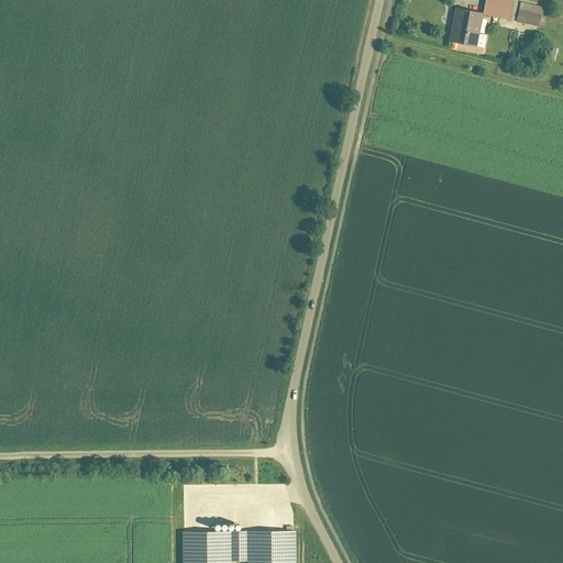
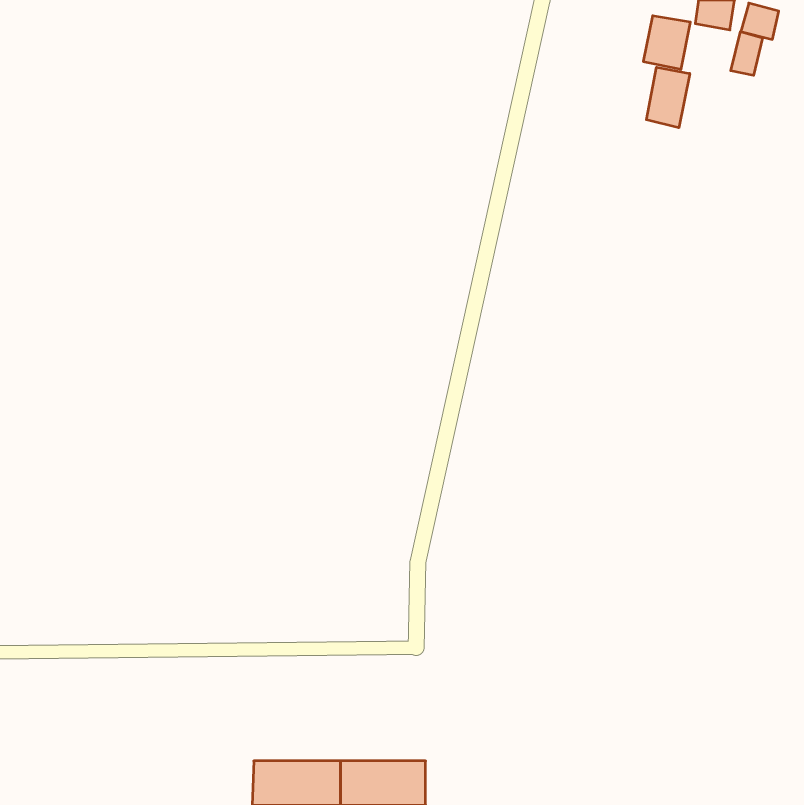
building: none -> [731,31,763,75]
building: none -> [646,67,690,128]

